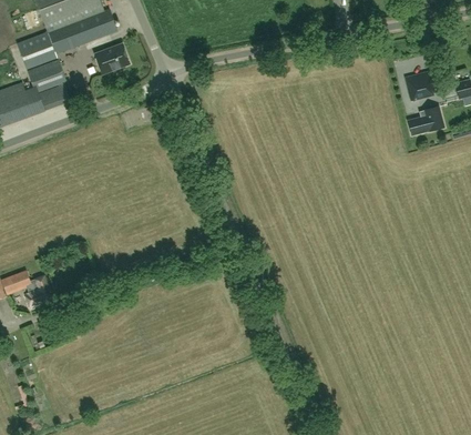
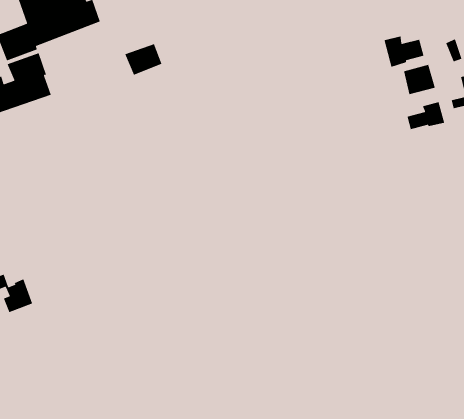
building: none -> [383,35,425,68]
building: [92,44,129,75] -> [124,43,163,76]

